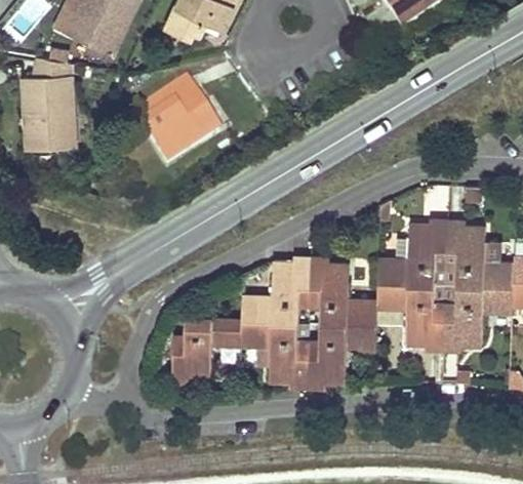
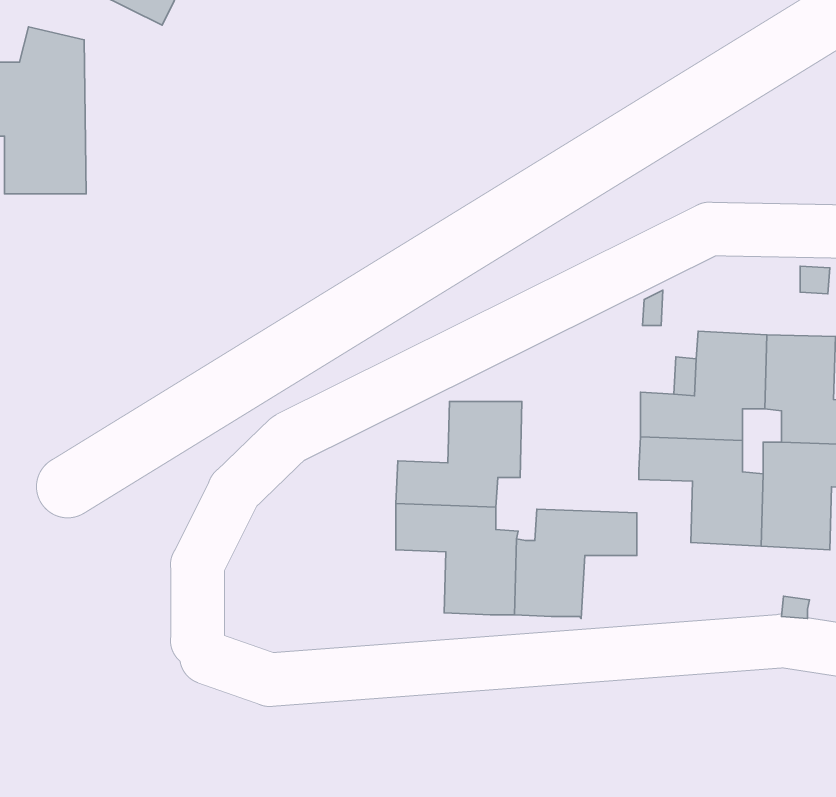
building: [134,79,218,162] -> none
building: [311,263,376,324] -> none
building: [172,317,242,377] -> none

